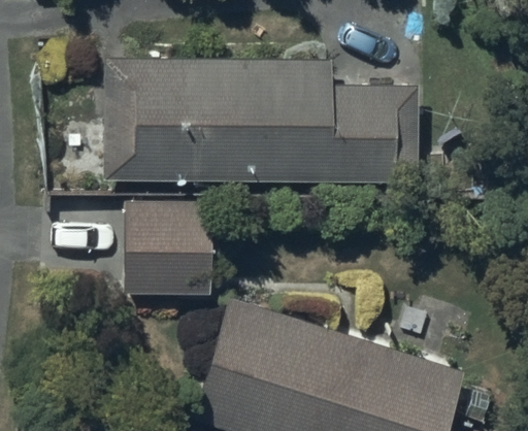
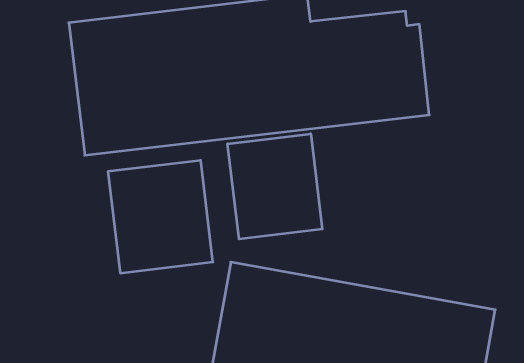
building: none -> [228,134,322,239]

